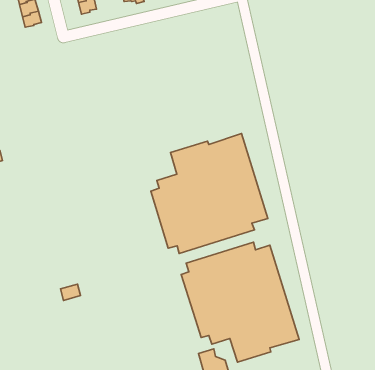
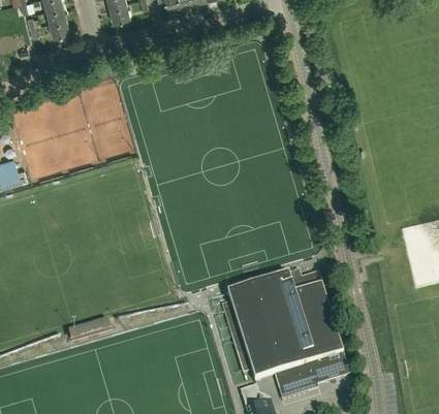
building: [151,134,268,254] -> none

